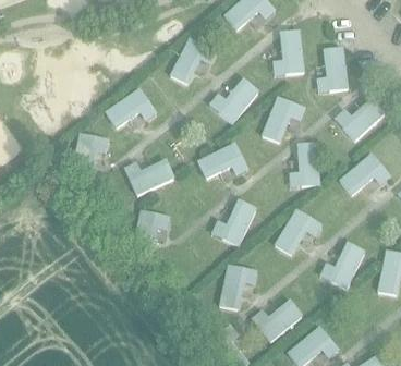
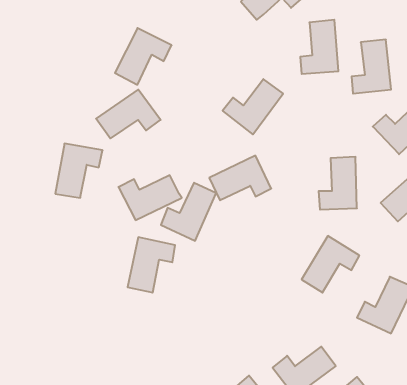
building: [170,37,217,84] -> [115,28,172,85]
building: [262,95,306,142] -> none
building: [211,198,257,246] -> [161,183,216,241]
building: [219,264,258,309] -> none

